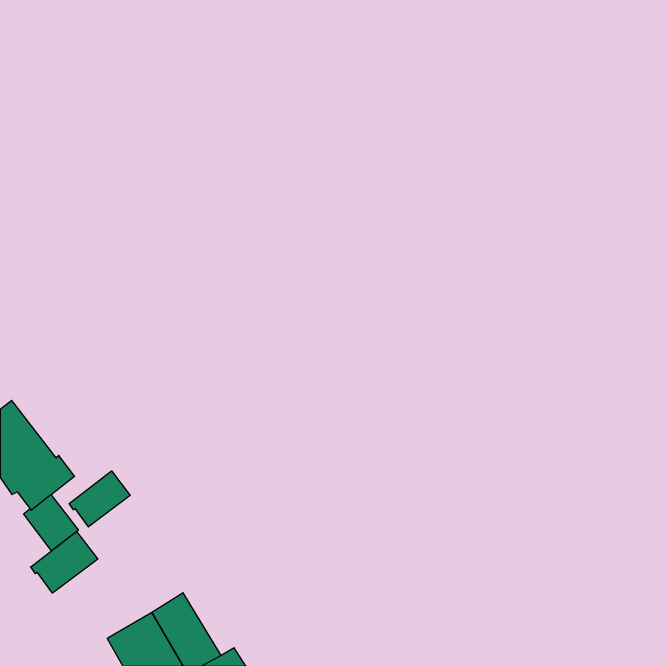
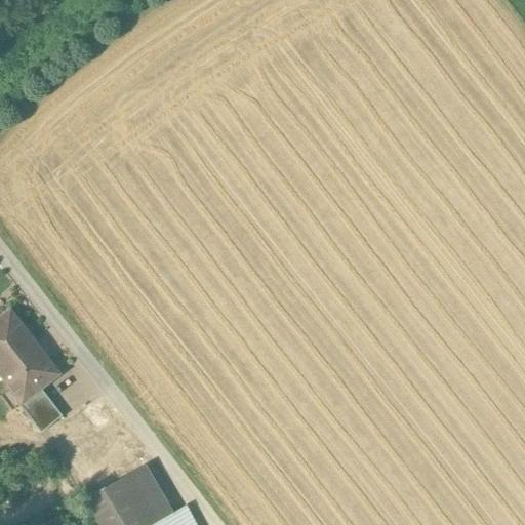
building: [69,471,130,527] -> none
building: [31,531,98,593] -> none

